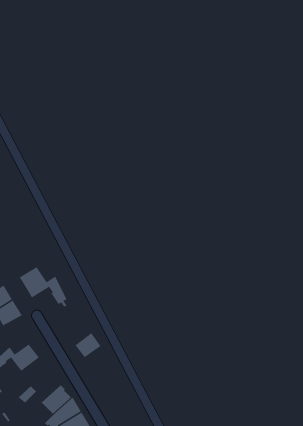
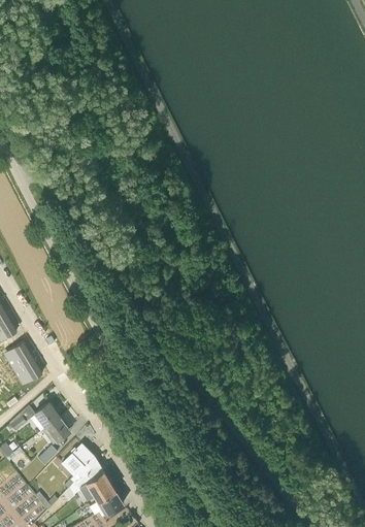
building: [19,266,68,308] -> none
building: [75,332,102,358] -> [42,417,70,443]

